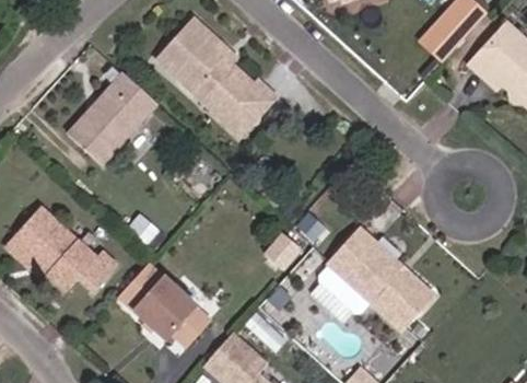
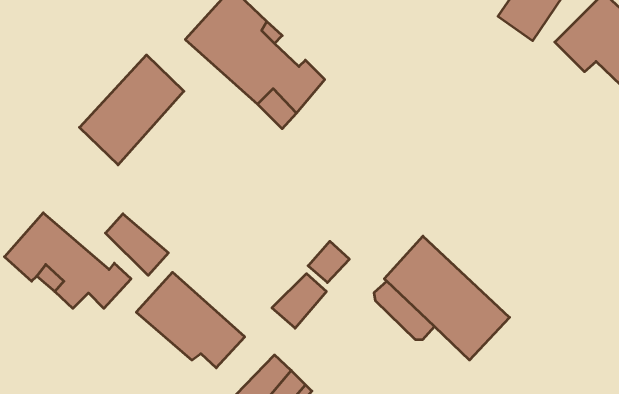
building: none -> [105,214,168,275]
building: none -> [272,274,326,328]

